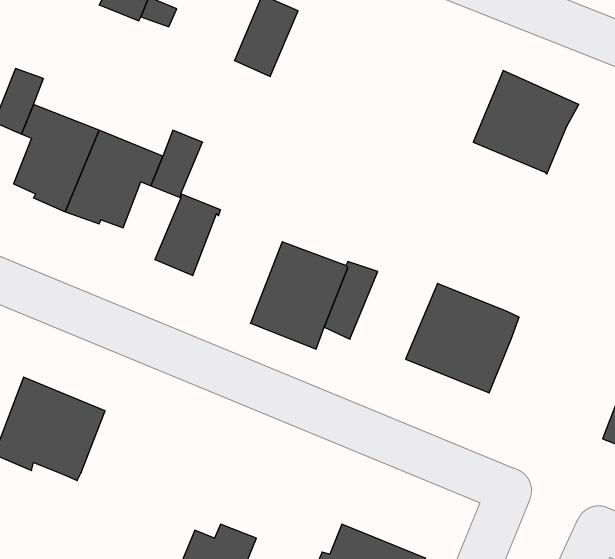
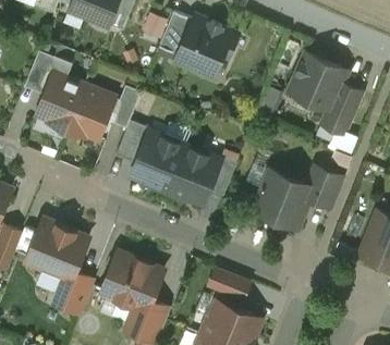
building: none -> [175,20,236,71]
building: none -> [321,83,361,134]
building: none -> [130,131,184,190]
building: none -> [307,165,341,207]
building: none -> [101,251,162,308]
building: none -> [208,269,248,299]
building: none -> [52,272,92,313]

